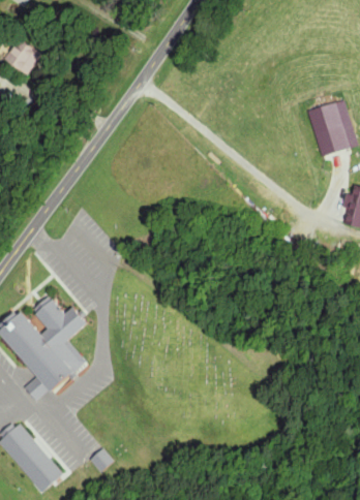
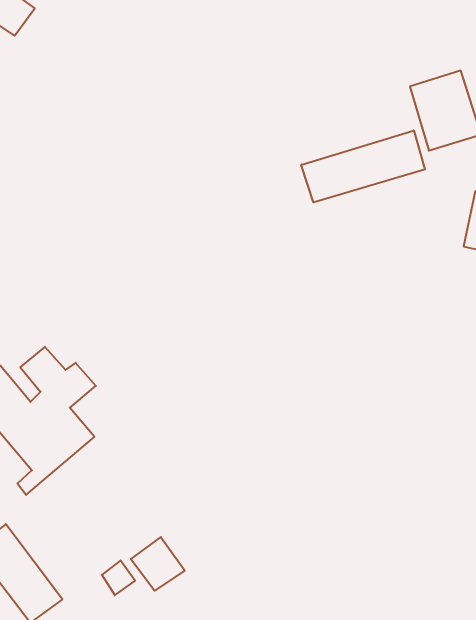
building: none -> [301,130,425,202]
building: none -> [131,537,185,591]

